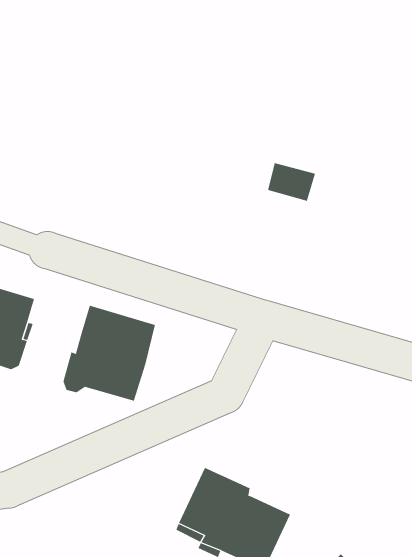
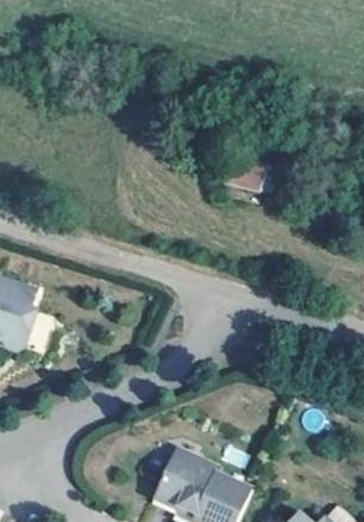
building: [63,305,156,401] -> none

